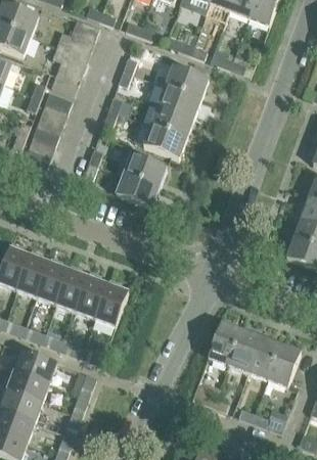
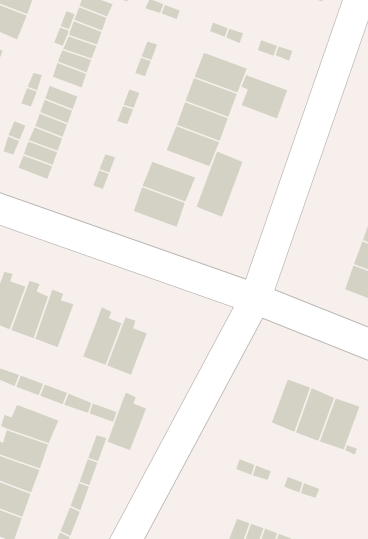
building: none -> [240,74,288,119]
building: none -> [196,151,243,218]
building: [55,264,88,312] -> [107,392,147,451]
building: [207,322,240,365] -> none

